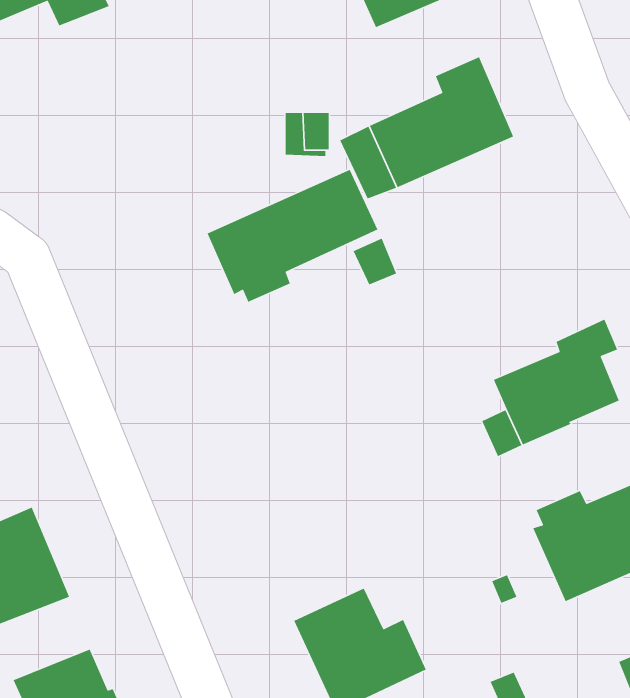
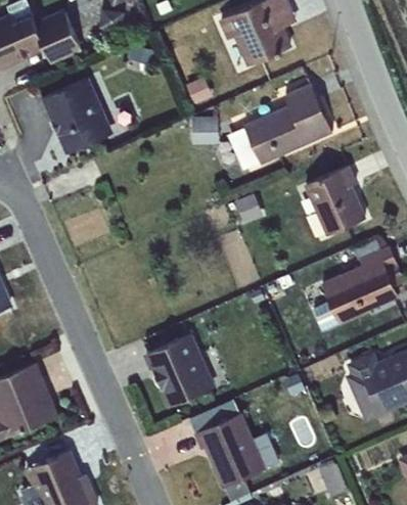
building: none -> [42,78,112,154]
building: [206,169,379,303] -> none
building: none -> [304,165,366,236]
building: none -> [143,334,215,409]

